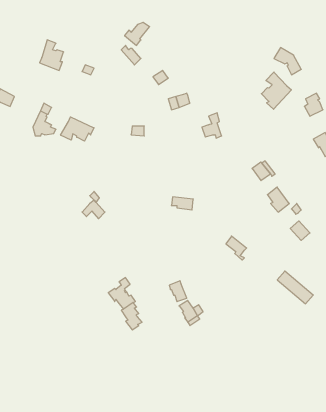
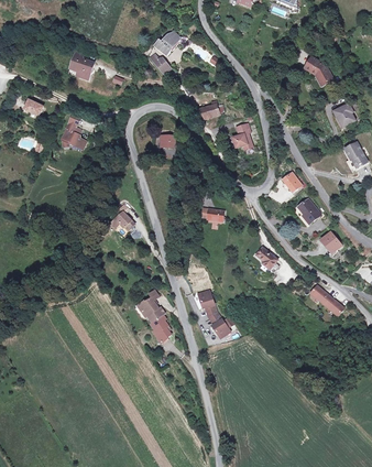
building: [261,72,291,109] -> none
building: [61,117,94,141] -> none

